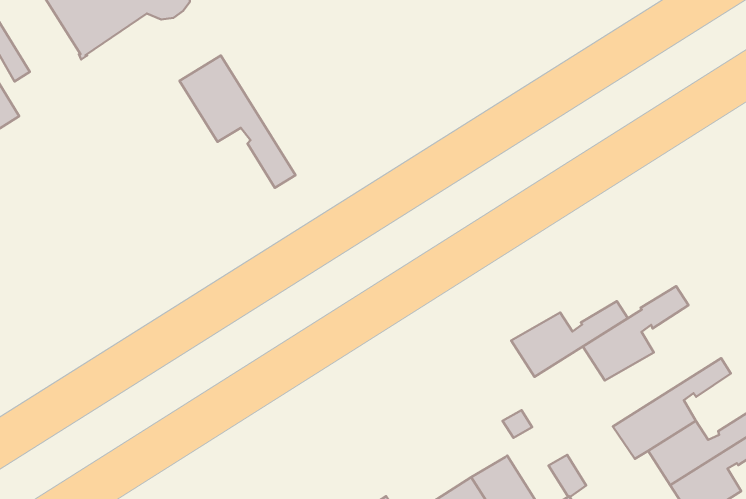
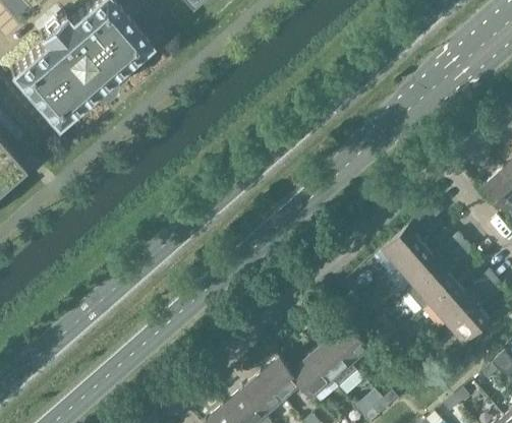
building: [180,56,295,188] -> none
building: [511,301,628,377] -> [397,235,464,288]

